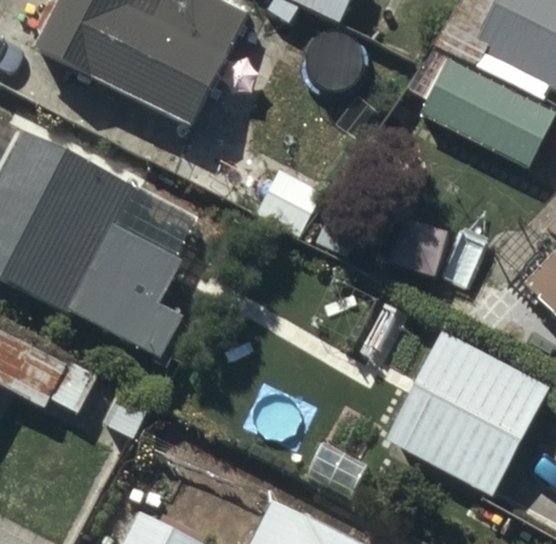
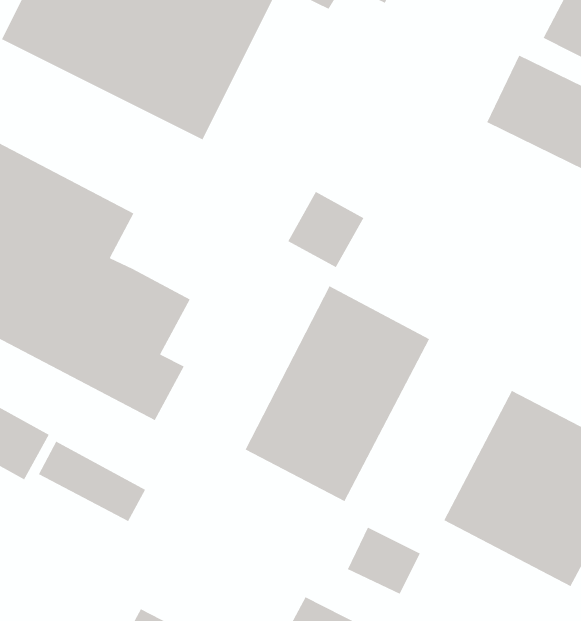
building: none -> [244,285,430,502]

